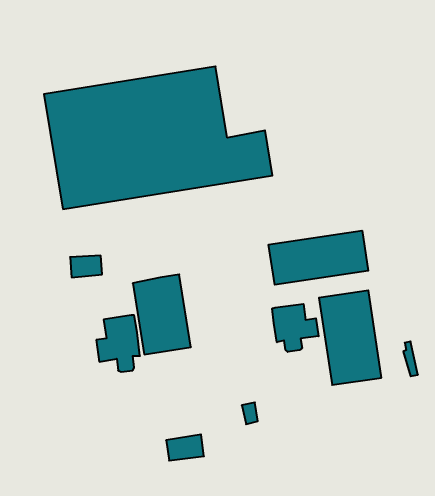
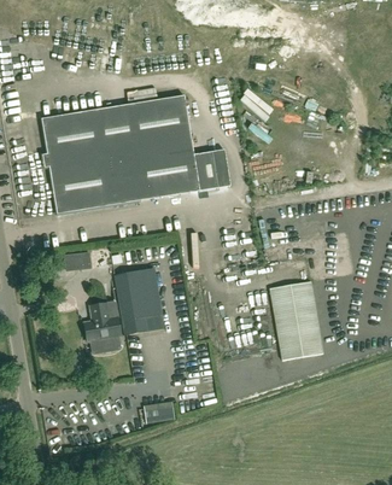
building: [269,231,368,285] -> none
building: [272,304,319,352] -> none

